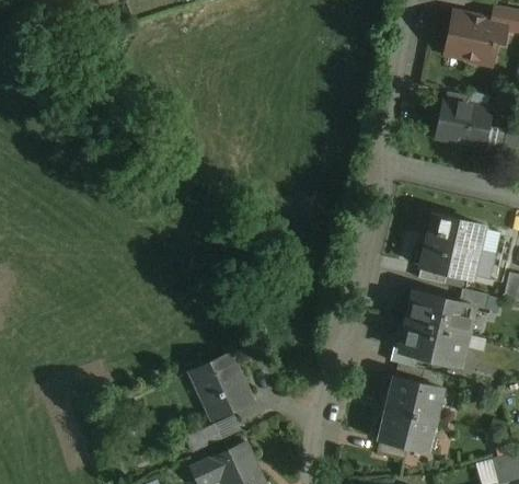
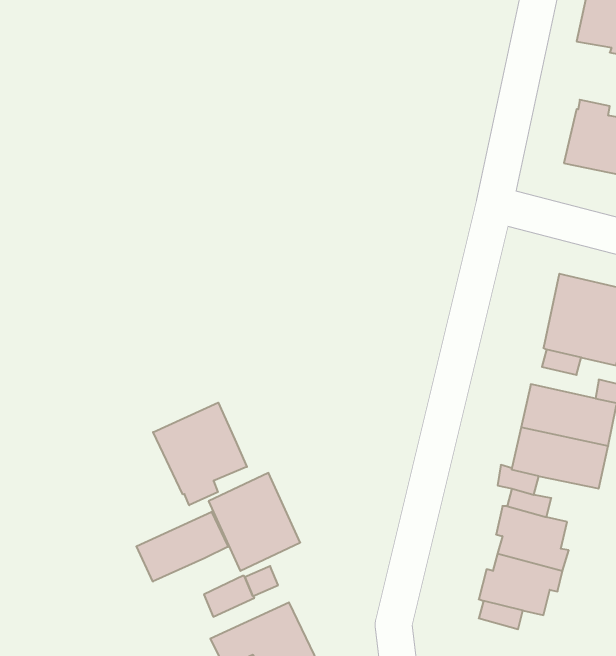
building: none -> [153,403,247,505]
building: none -> [136,512,228,582]

